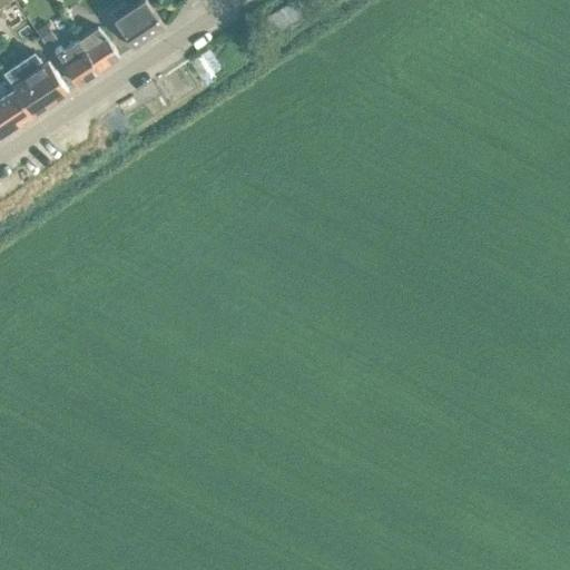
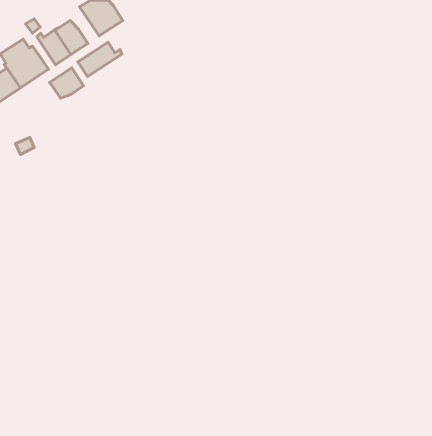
building: none -> [78,42,122,77]
building: none -> [49,68,84,98]

